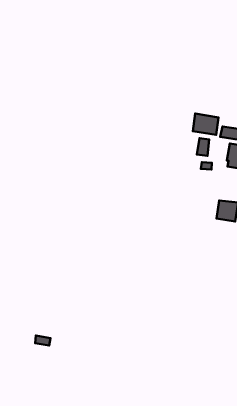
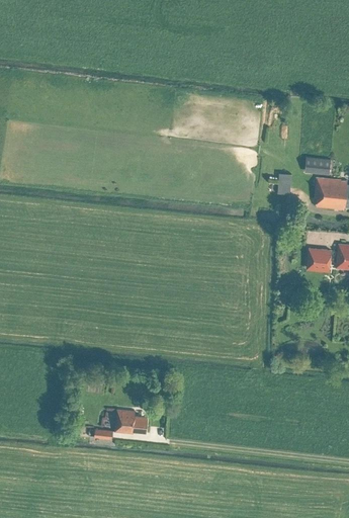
building: [193,113,218,135] -> none
building: none -> [114,409,147,432]

